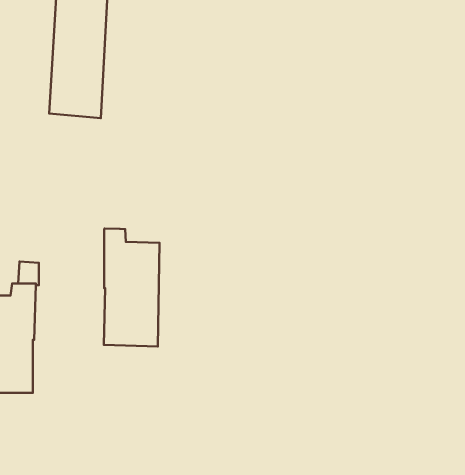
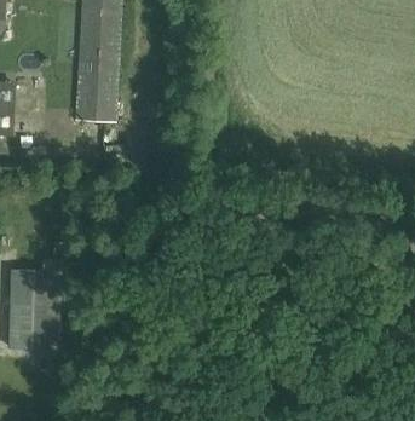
building: [104,228,160,347] -> none

